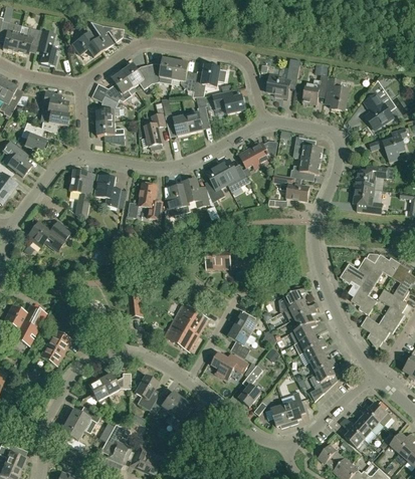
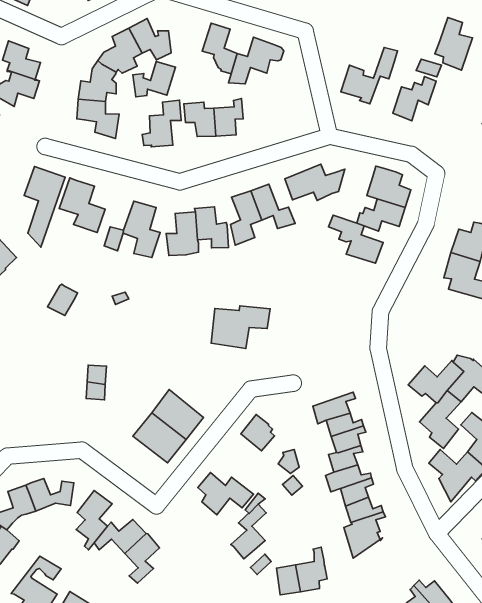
building: [148,57,175,82] -> [133,61,175,97]
building: [325,77,348,110] -> [435,17,473,70]
building: [212,91,244,113] -> none
building: [227,324,255,357] -> none

